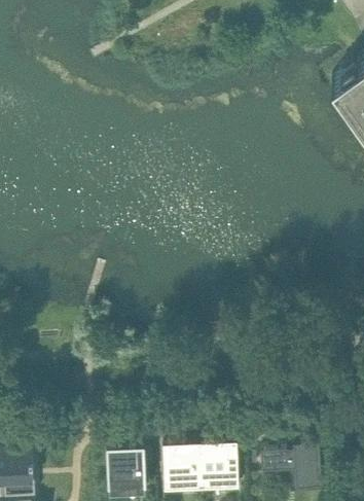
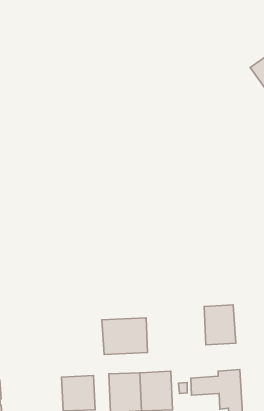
building: none -> [204,305,236,345]
building: none -> [102,318,147,354]

